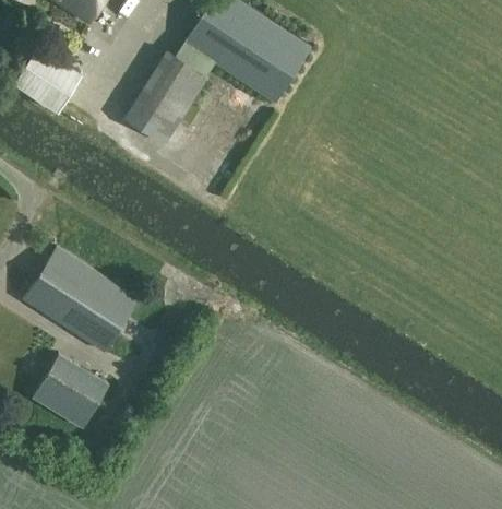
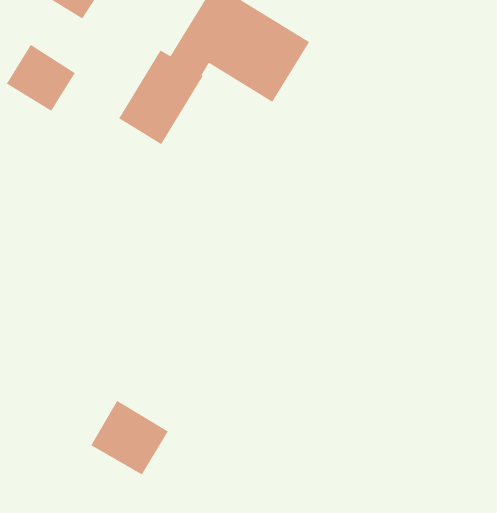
building: [23,248,139,354] -> none
building: [32,354,109,428] -> [90,400,169,475]

